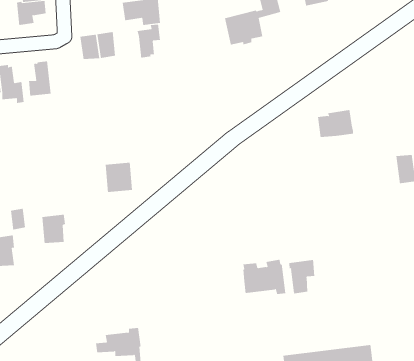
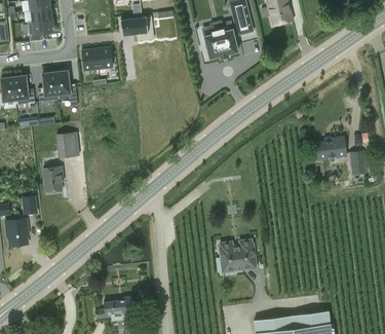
building: [137,24,161,58] -> none
building: none -> [54,69,78,106]
building: [317,109,354,137] -> [315,136,346,159]
building: [105,162,133,192] -> [55,132,79,157]
building: [41,214,66,243] -> [42,166,63,191]
building: [289,259,315,294] -> none

